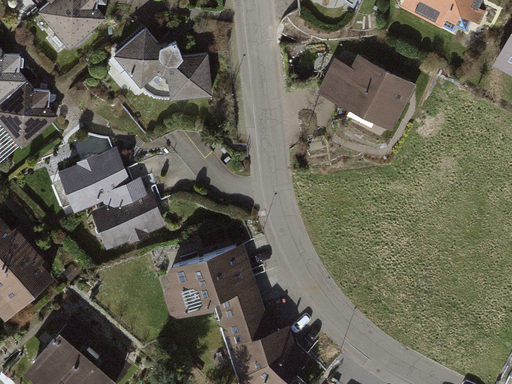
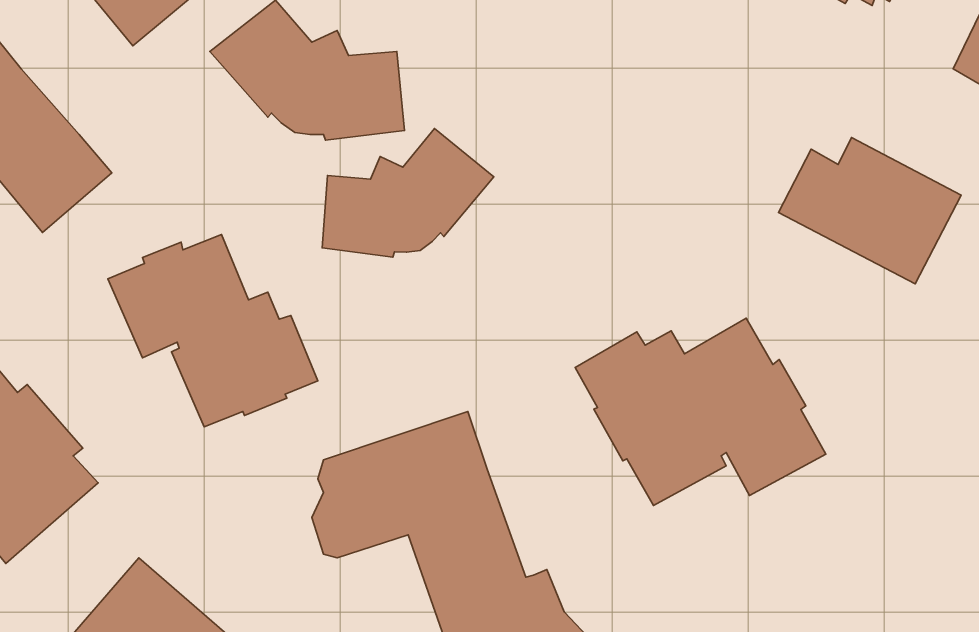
building: [319,53,414,129] -> [778,138,961,284]
building: none -> [322,129,494,257]
building: none -> [575,318,826,505]

